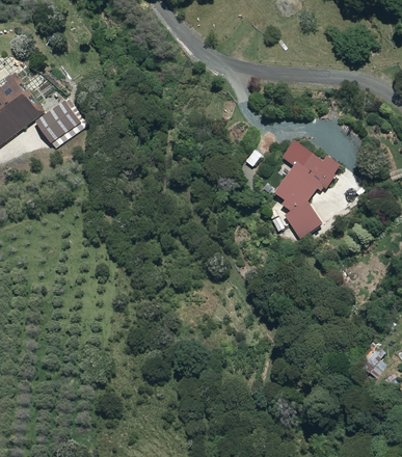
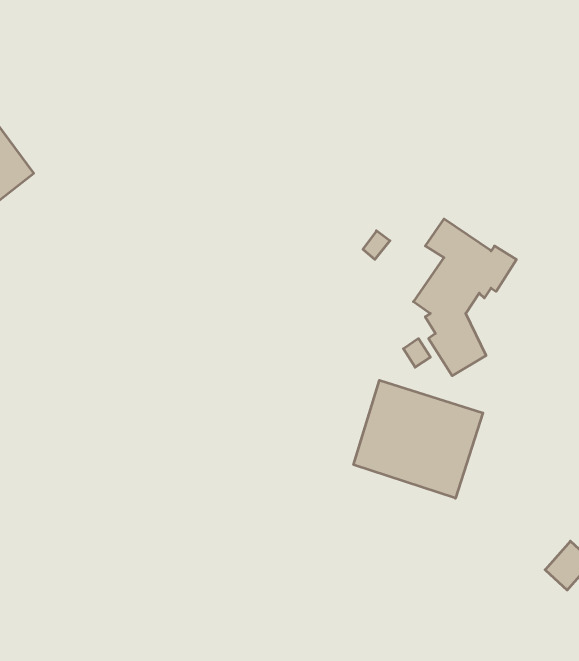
building: [38,107,71,139] -> none
building: none -> [354,380,483,498]

